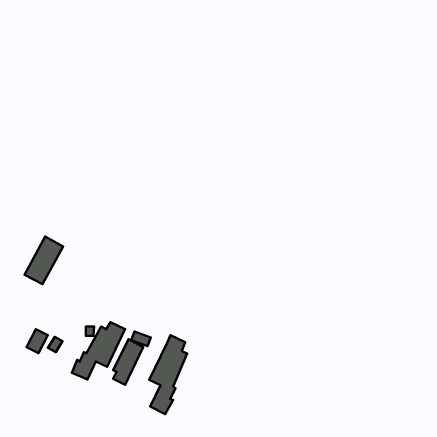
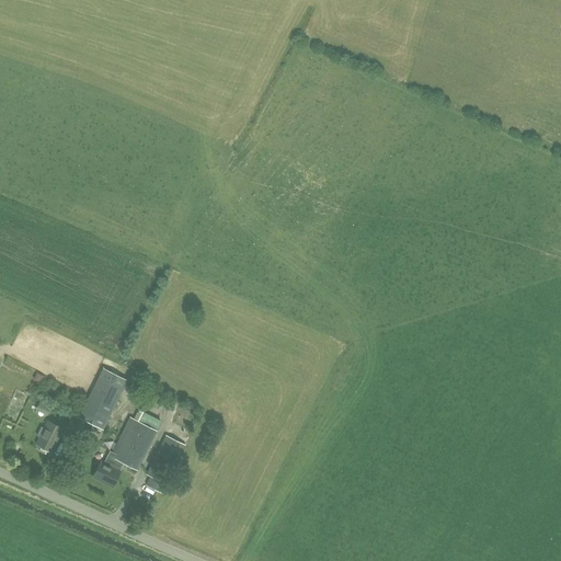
building: [25,236,63,284] -> [78,367,127,428]
building: [149,335,187,414] -> none

